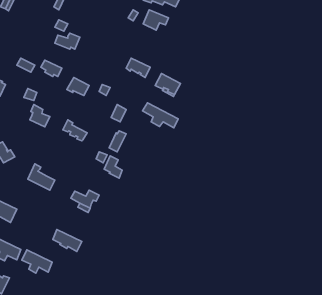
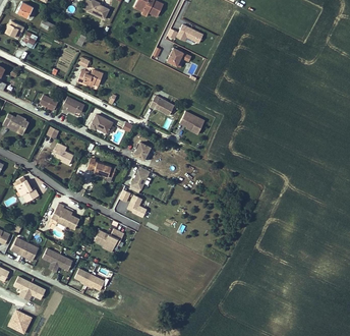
building: [142,103,178,128] -> none
building: [22,250,52,273] -> [42,248,72,272]

